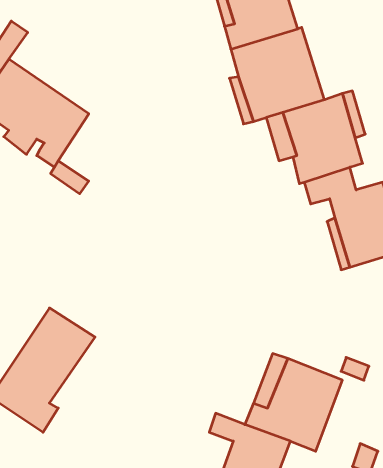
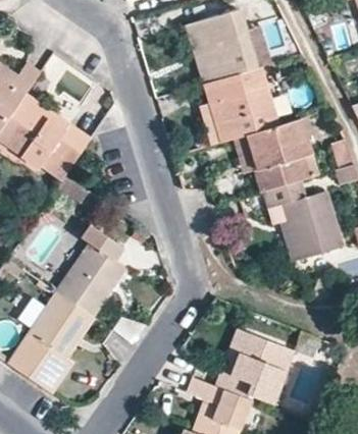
building: none -> [56,230,125,315]

